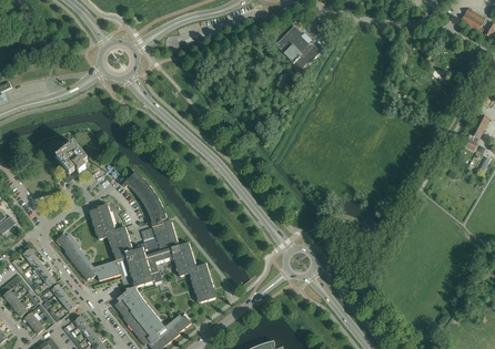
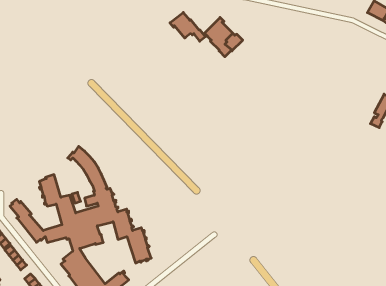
building: none -> [170,12,206,41]
building: [55,142,88,183] -> none

